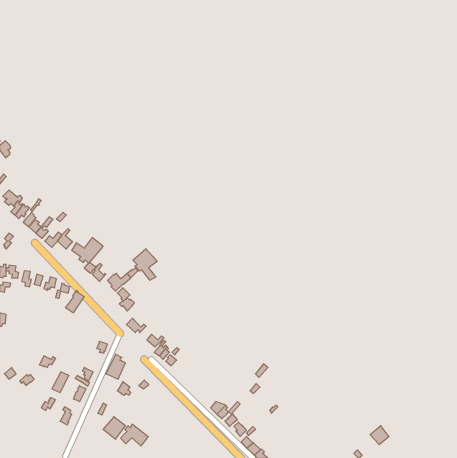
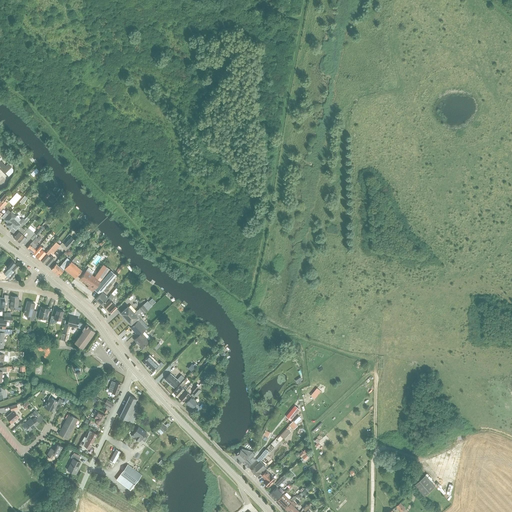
building: [133,249,157,280] -> none
building: [121,424,148,446] -> none

